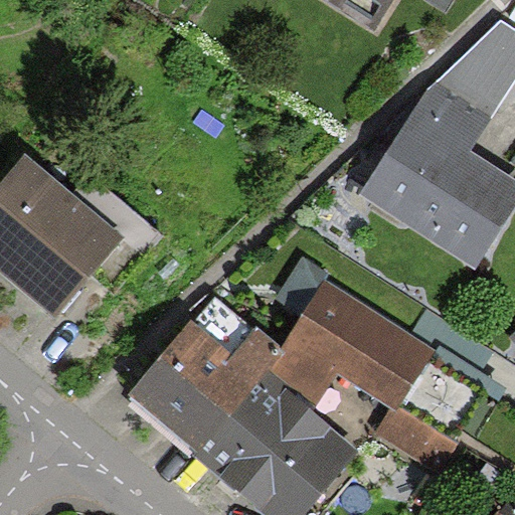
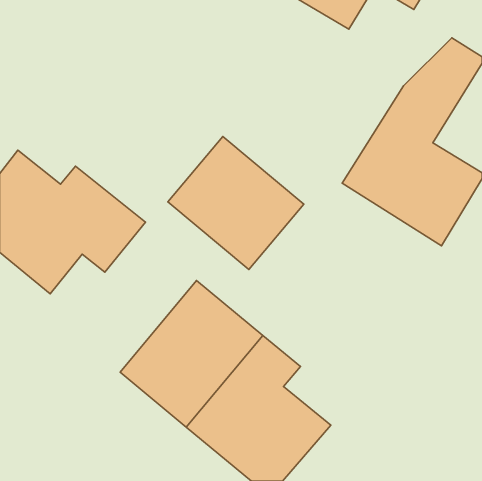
building: none -> [168,136,304,270]
building: [280,284,477,464] -> none

